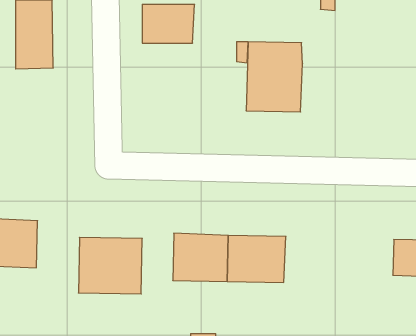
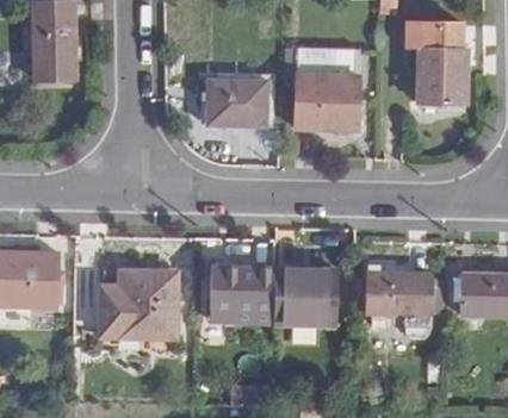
building: [142,4,195,43] -> [206,85,266,129]
building: none -> [409,20,470,106]
building: none -> [368,272,444,341]

